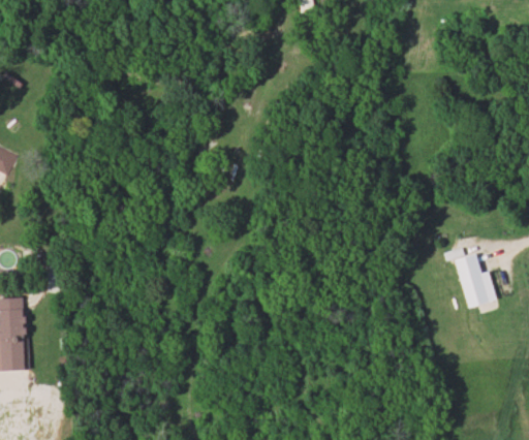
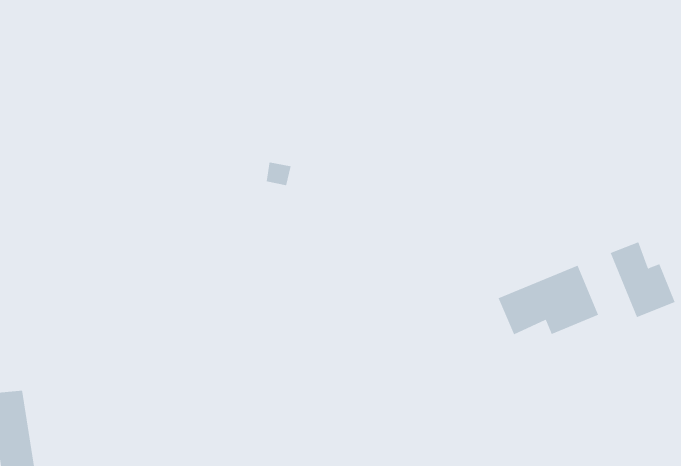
building: none -> [498,265,599,335]

